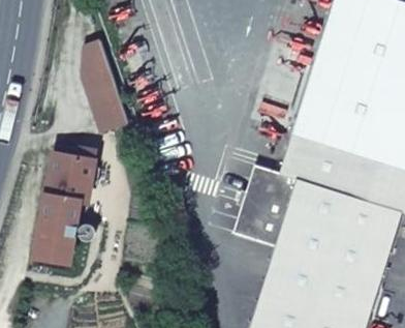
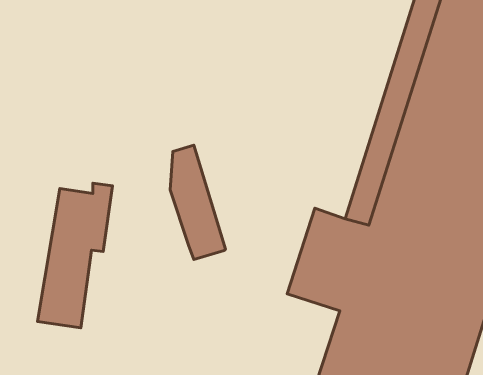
building: [82,39,125,129] -> [170,145,225,260]

